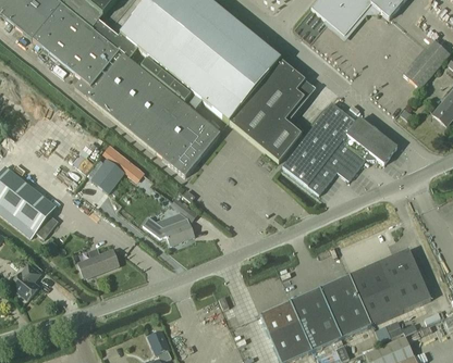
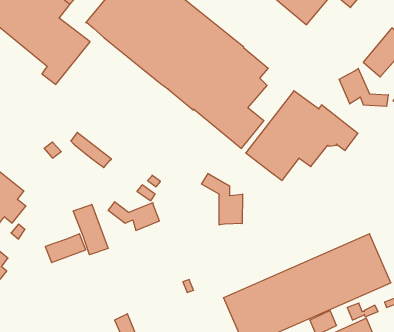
building: [88,18,220,175] -> none
building: none -> [339,68,388,106]
building: [90,157,124,191] -> none
building: none -> [201,173,243,225]
building: none -> [73,204,108,255]

